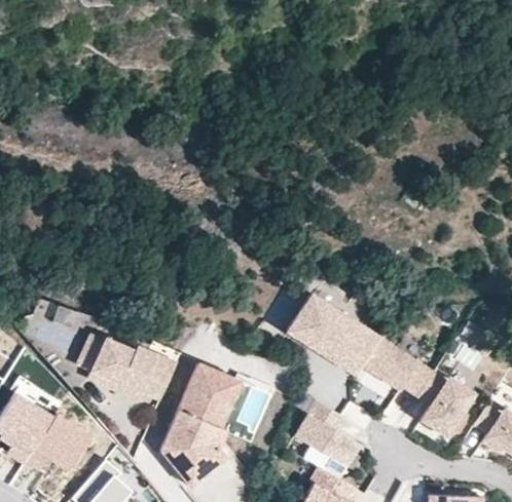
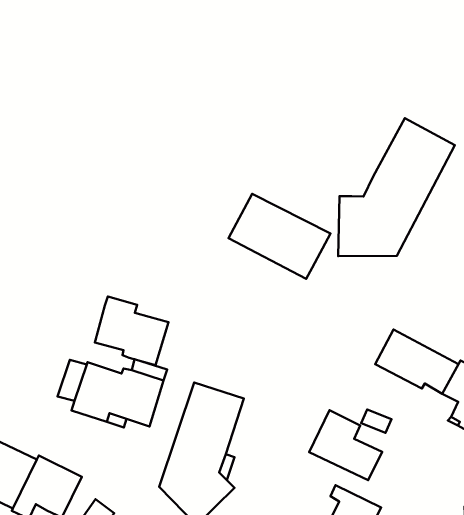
building: none -> [338,118,455,256]
building: none -> [95,297,169,365]
building: [288,295,377,373] -> [229,194,331,279]

